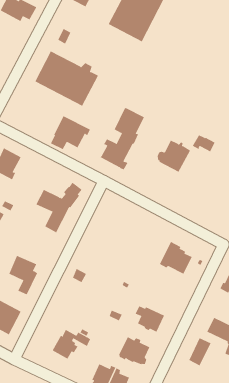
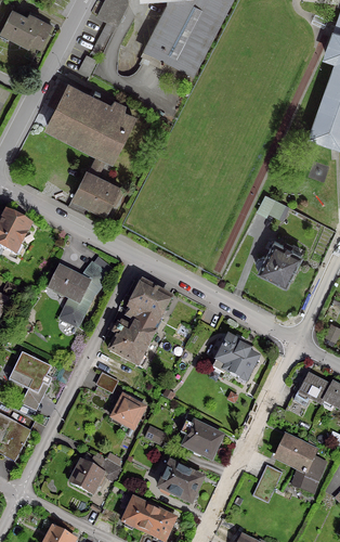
building: [100,107,145,170] -> [109,282,169,366]
building: [157,140,191,173] -> [256,240,301,283]
building: none -> [115,396,144,427]

